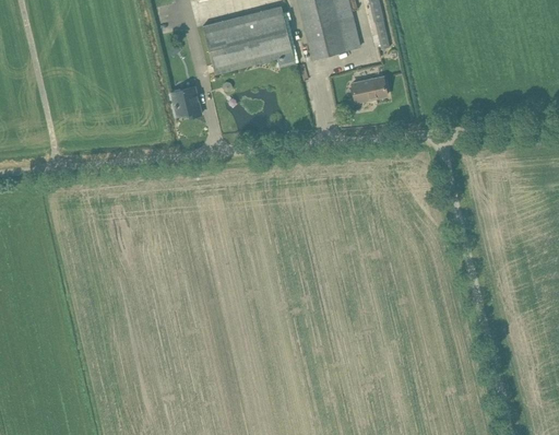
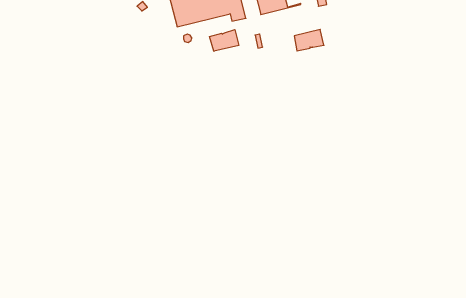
building: none -> [210,30,239,51]
building: [171,86,202,116] -> none

